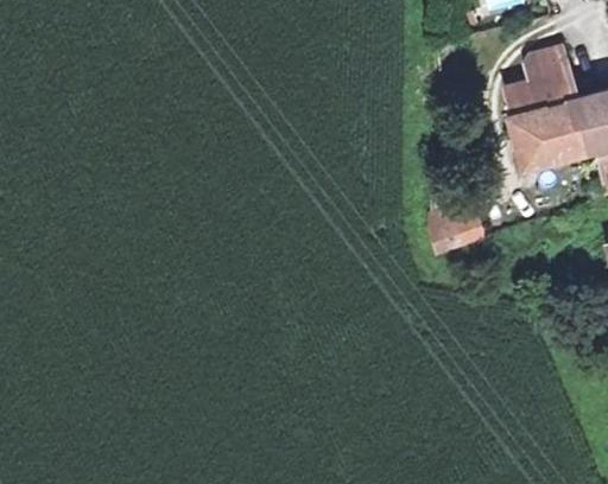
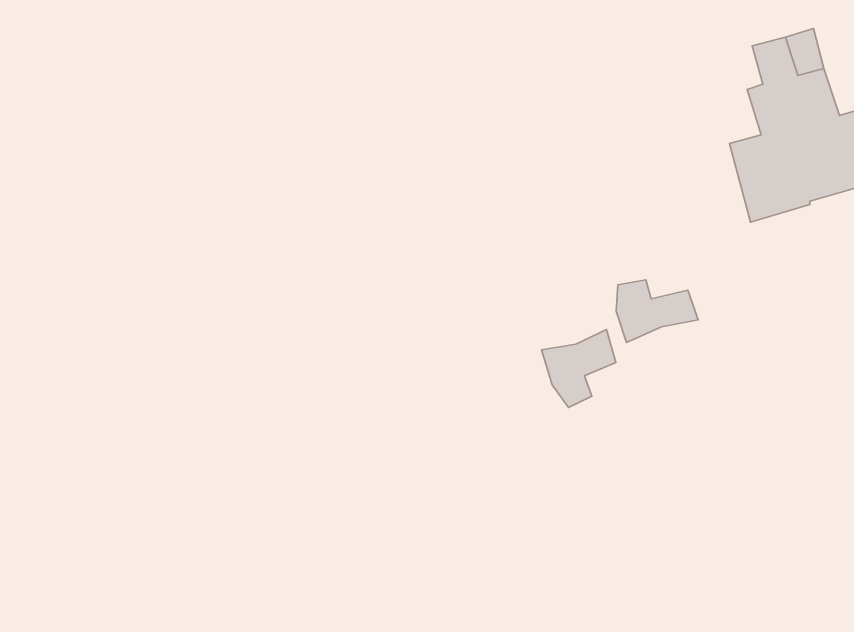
building: none -> [542,329,616,408]

